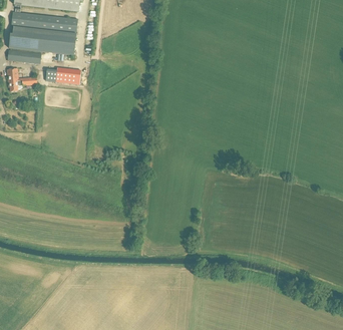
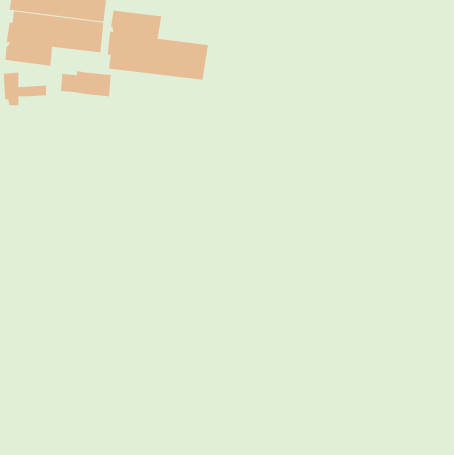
building: none -> [107,10,208,81]

